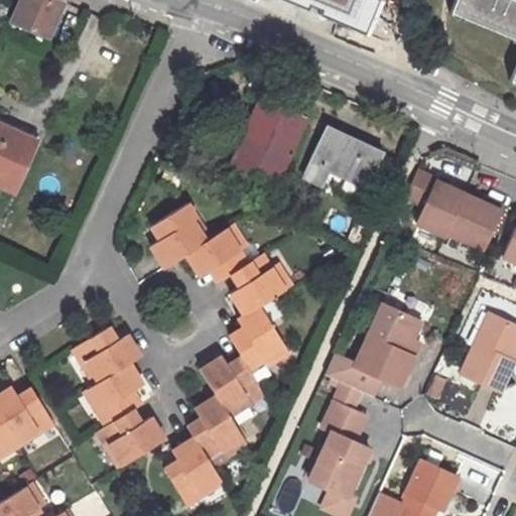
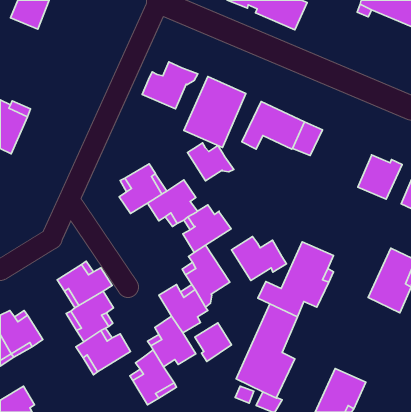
building: none -> [142,62,198,109]
building: [405,170,466,237] -> none
building: none -> [187,143,234,181]
building: none -> [232,237,287,280]
building: none -> [195,323,231,361]

